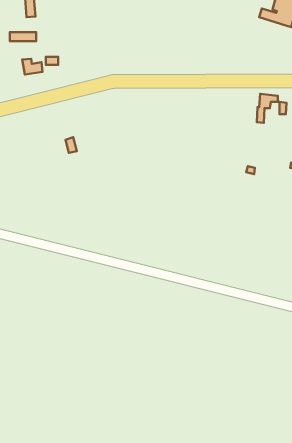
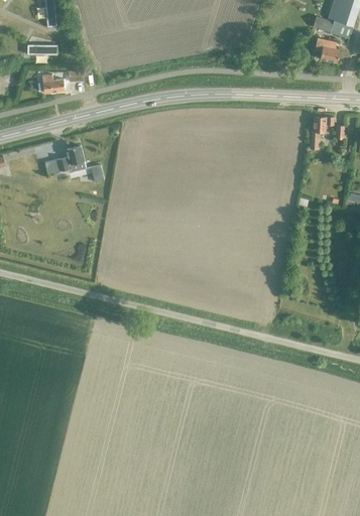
building: none -> [315,37,340,61]
building: none -> [57,144,85,170]

